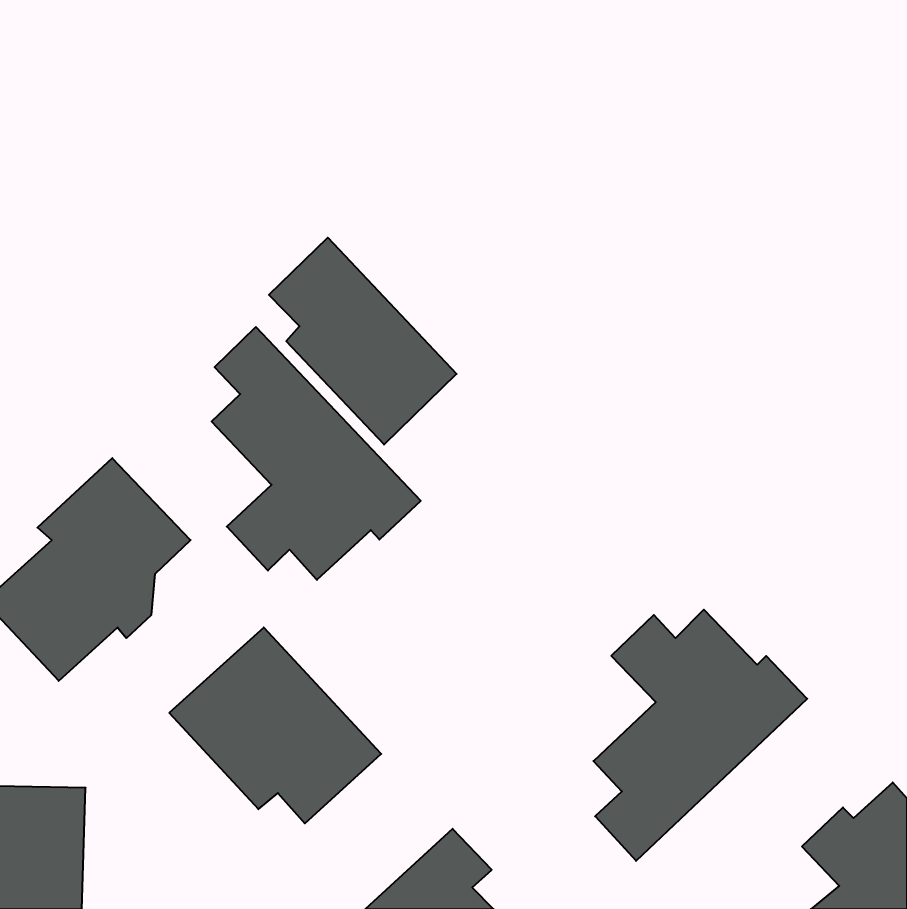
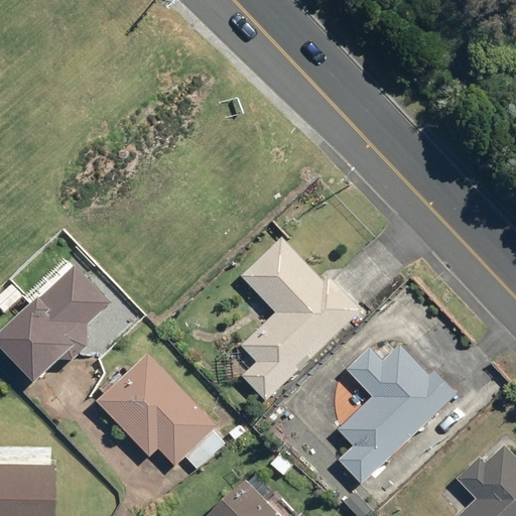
building: [269,238,457,445] -> none
building: [212,327,421,580] -> none
building: none -> [240,238,361,402]

